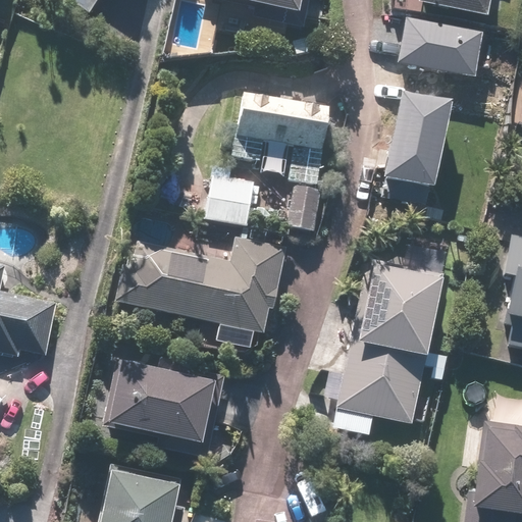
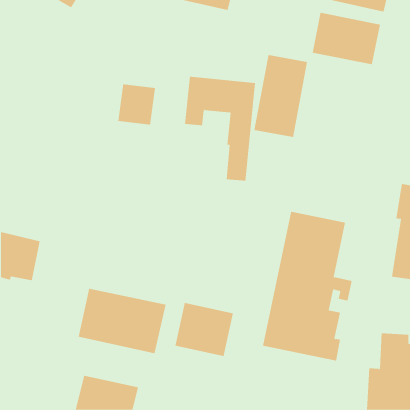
building: [378,103,447,207] -> [253,55,308,137]
building: [208,172,256,224] -> [118,84,156,125]
building: [115,227,289,344] -> none
building: none -> [175,302,234,357]

